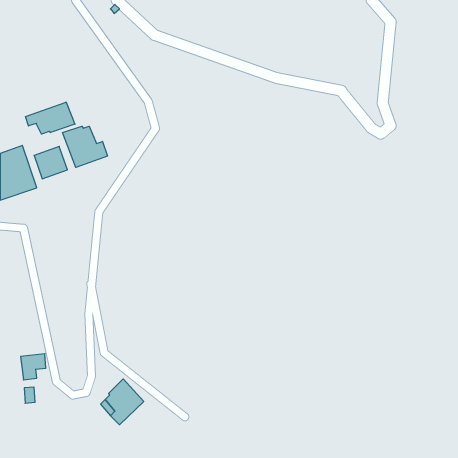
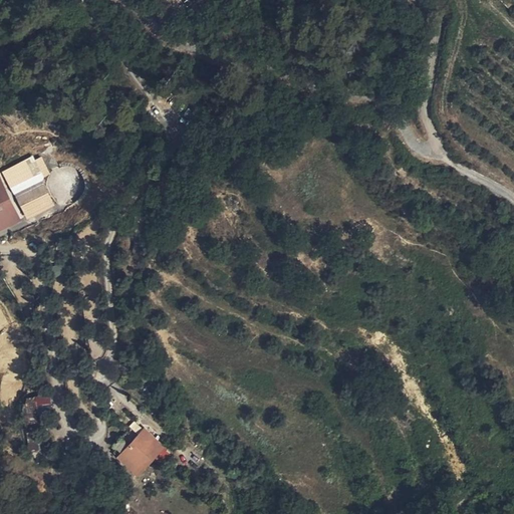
building: [26,102,75,134] -> none
building: [63,126,107,167] -> none

